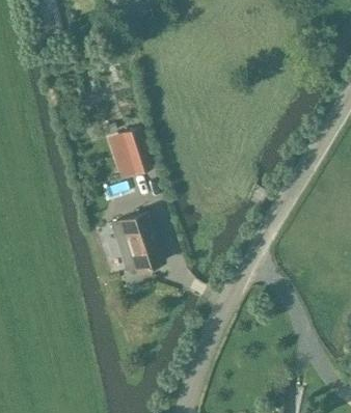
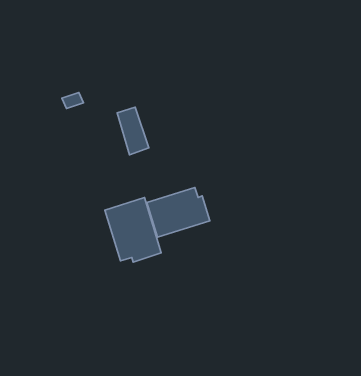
building: none -> [147,188,210,237]

